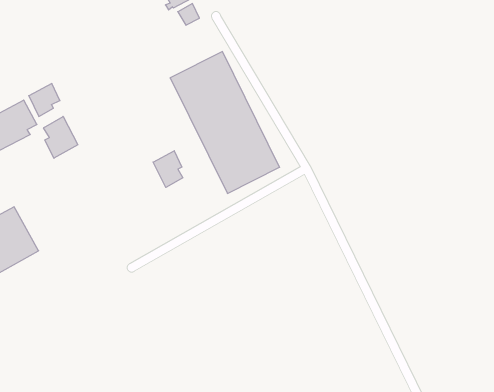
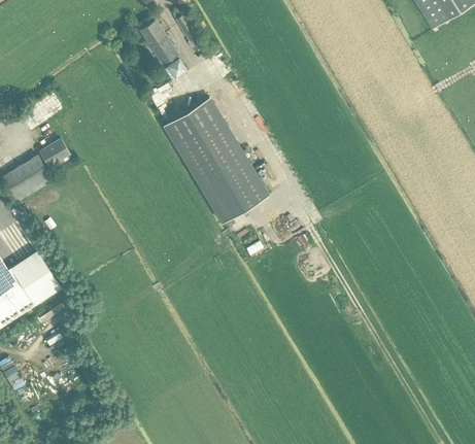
building: [44,116,78,158] -> none
building: [153,151,183,187] -> none

